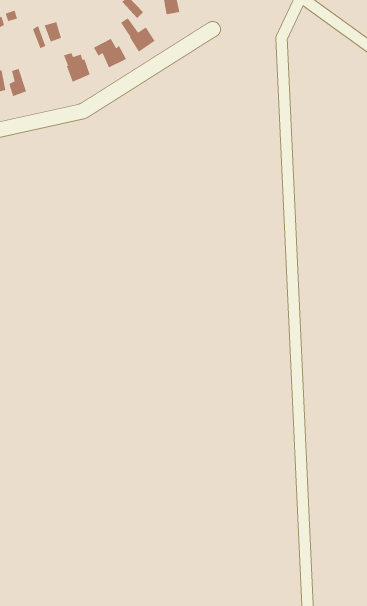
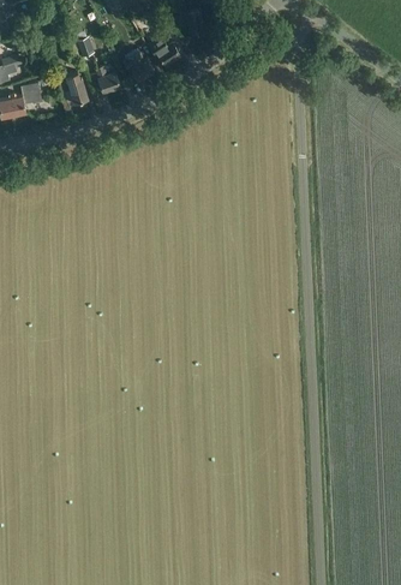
building: none -> [58,73,89,105]

